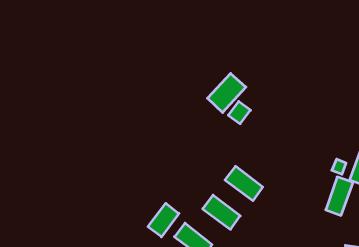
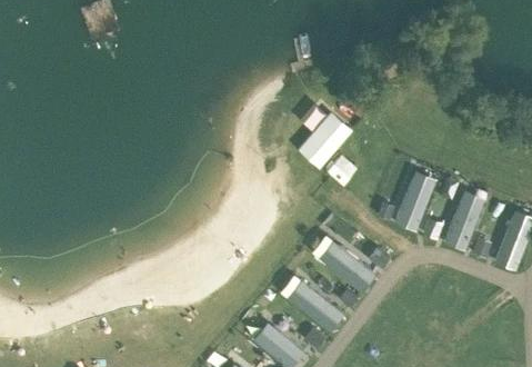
building: none -> [394,180,432,232]
building: [326,177,353,215] -> [443,197,481,250]
building: [148,203,179,237] -> none

